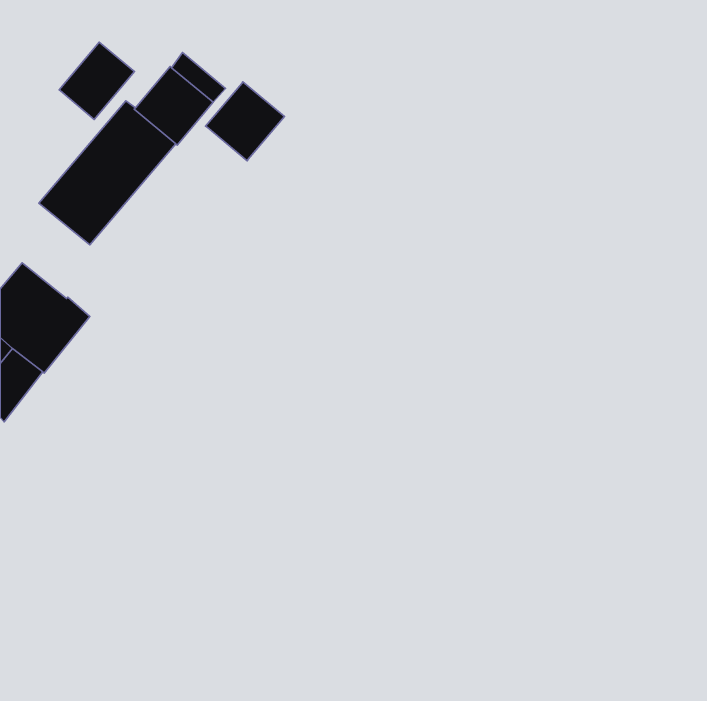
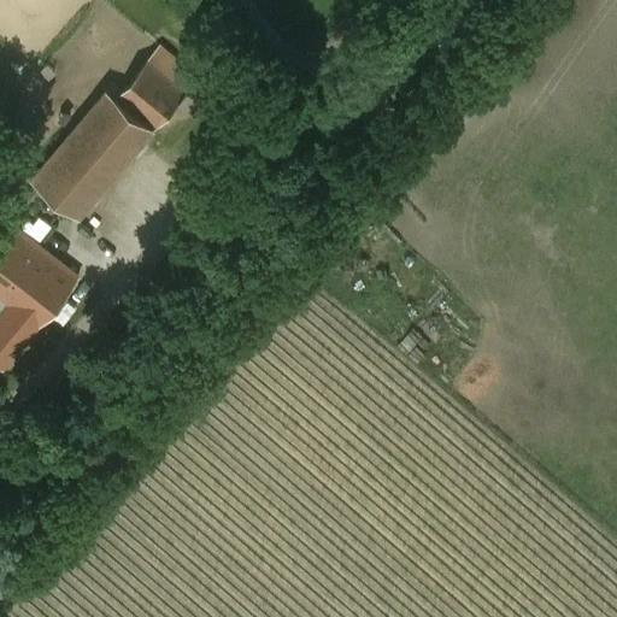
building: [59,42,134,119] -> none
building: [206,82,284,161] -> none

